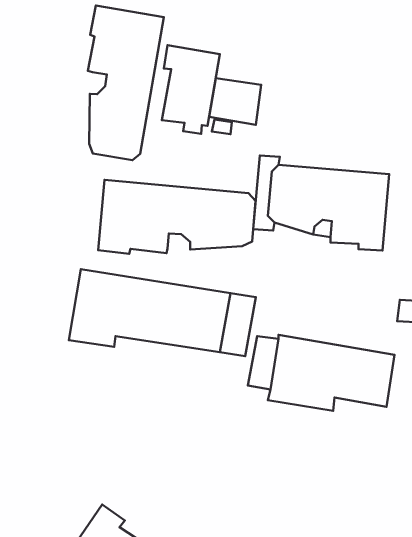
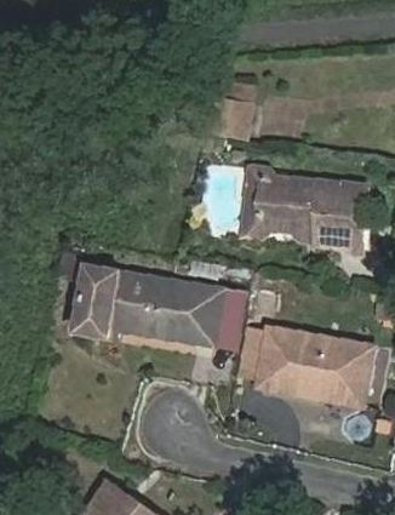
building: [88,6,164,160] -> none
building: [162,45,220,134] -> none
building: [98,180,256,254] -> none

